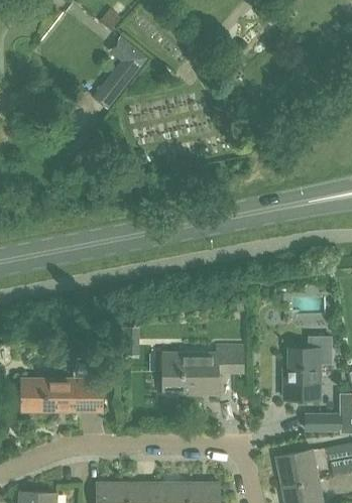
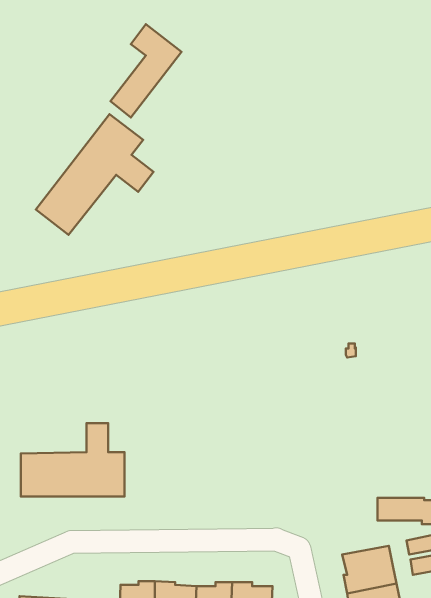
building: none -> [36,114,153,235]
building: [283,337,331,399] -> none
building: [161,347,243,395] -> none

